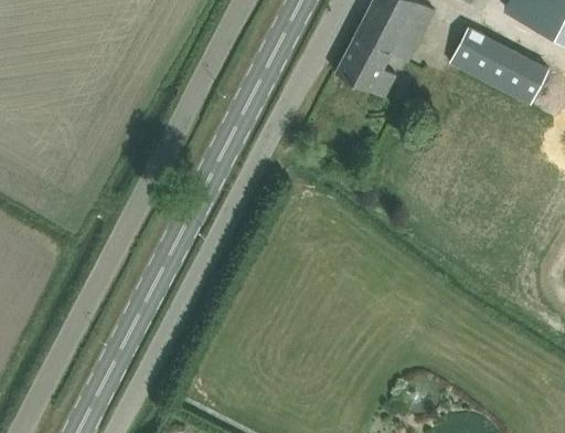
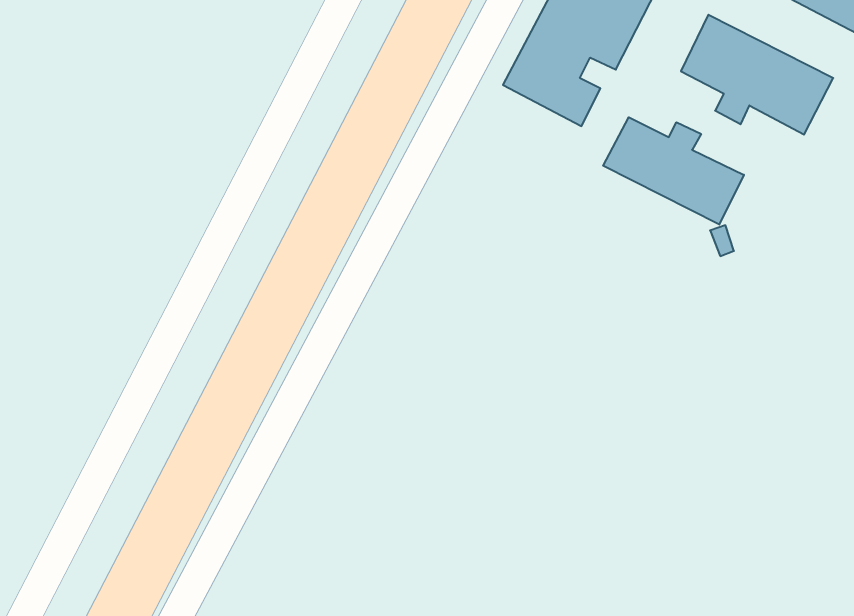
building: none -> [603,117,744,225]

